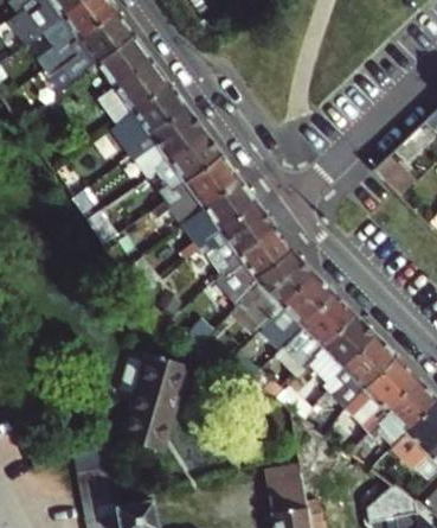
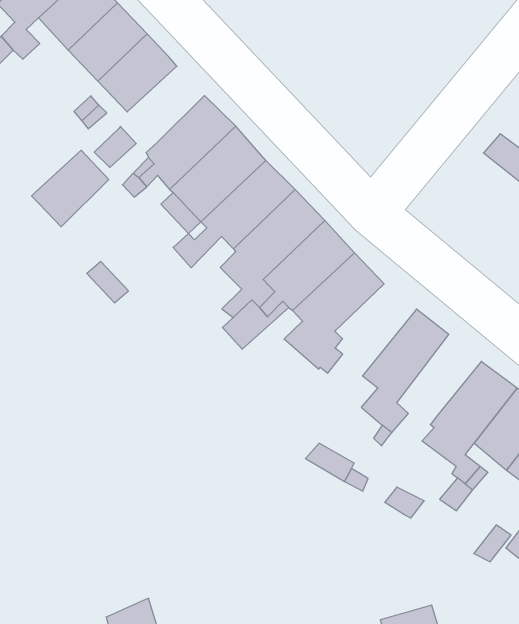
building: [131,83,186,134] -> [32,150,109,227]
building: [231,250,314,326] -> none
building: [293,291,354,345] -> none
building: [127,357,187,454] -> none

